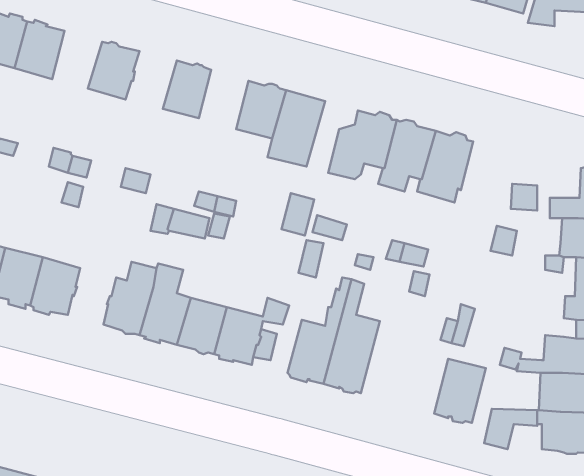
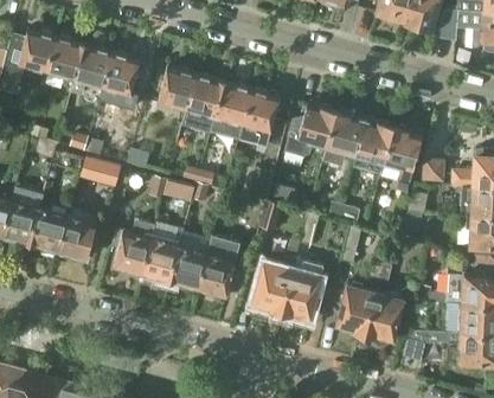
building: none -> [71,44,113,95]
building: none -> [182,73,224,133]
building: none -> [385,126,423,192]
building: none -> [336,284,376,334]

